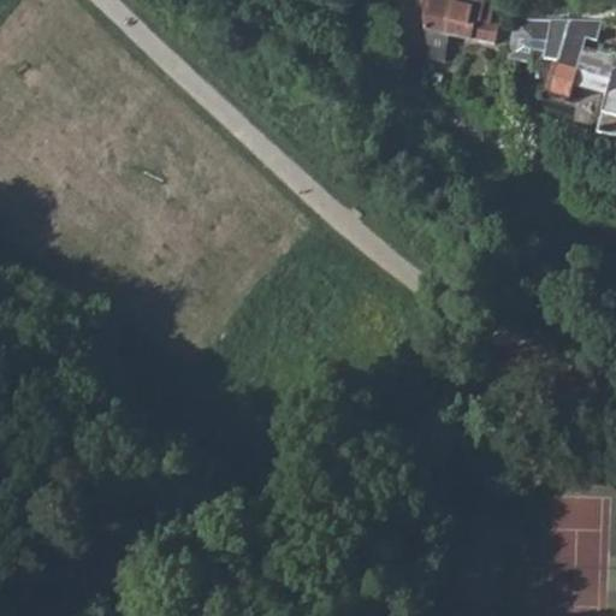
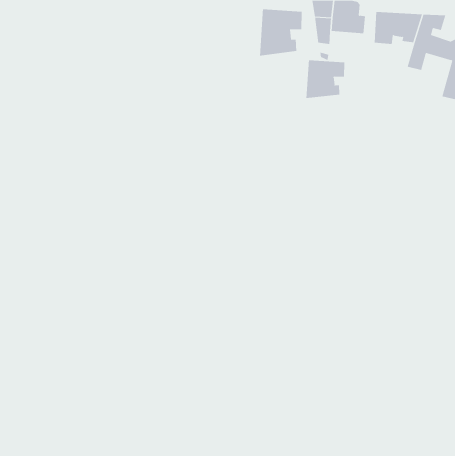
building: none -> [259,8,302,57]
building: none -> [306,60,345,99]

